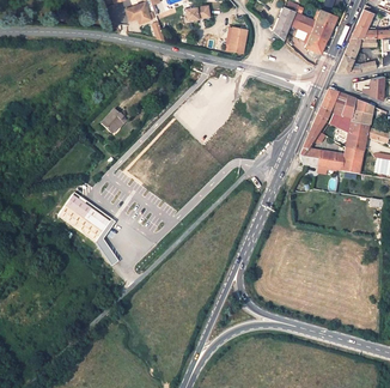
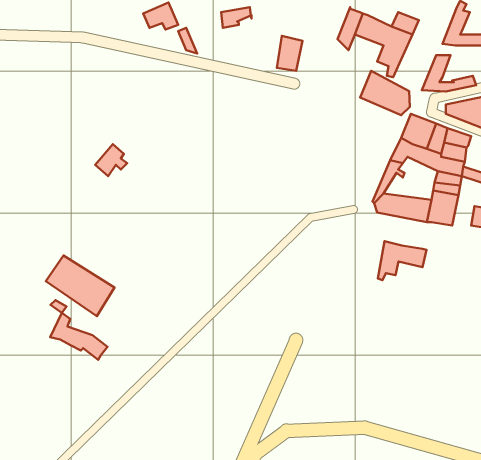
building: none -> [360,71,410,115]
building: none -> [378,241,427,280]
building: none -> [50,313,107,360]

